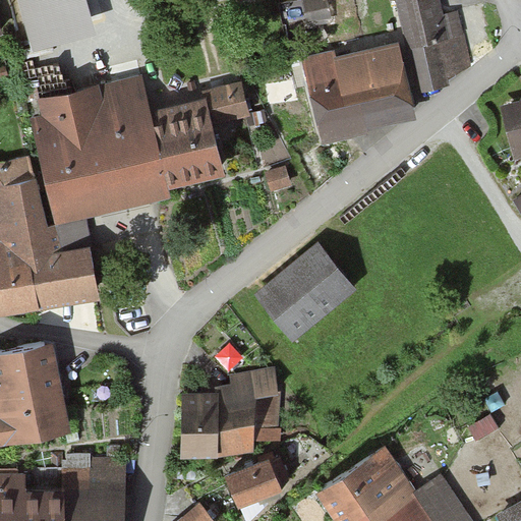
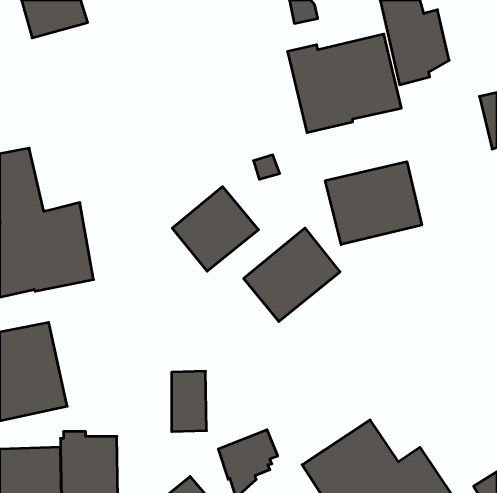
building: [30,77,249,224] -> none
building: none -> [325,162,422,245]
building: none -> [172,187,259,271]
building: [215,369,280,459] -> none

